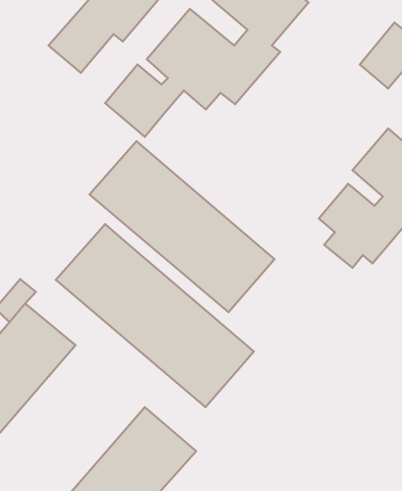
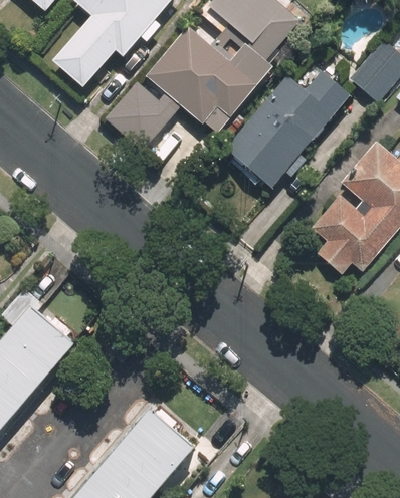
building: none -> [222,71,351,190]
building: [90,141,274,312] -> none
building: [56,224,254,407] -> none

